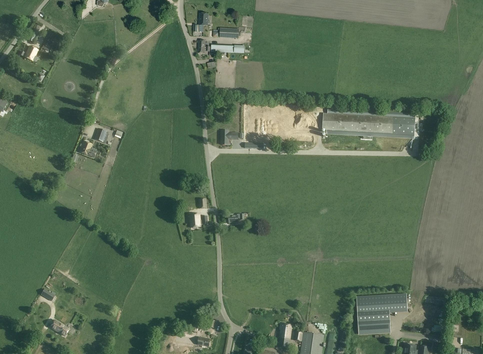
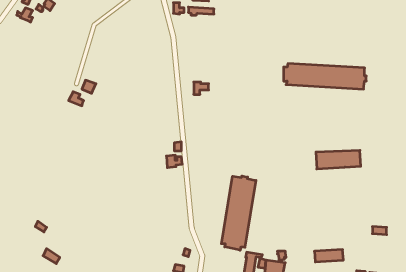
building: none -> [221,176,256,250]
building: [357,293,408,314] -> [316,150,361,169]

